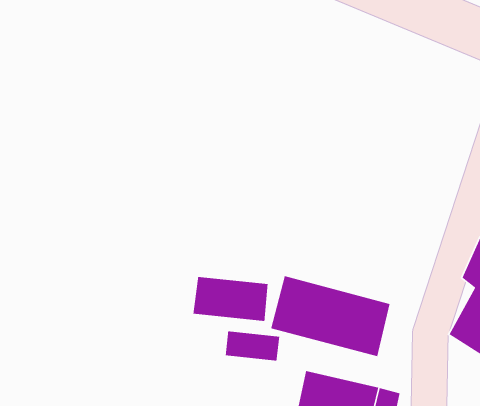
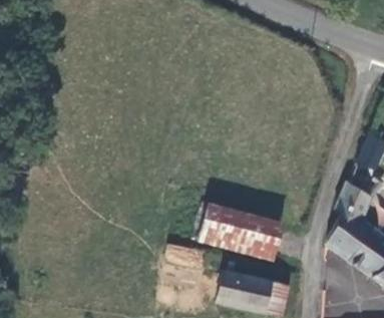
building: [193,276,269,322] -> none

